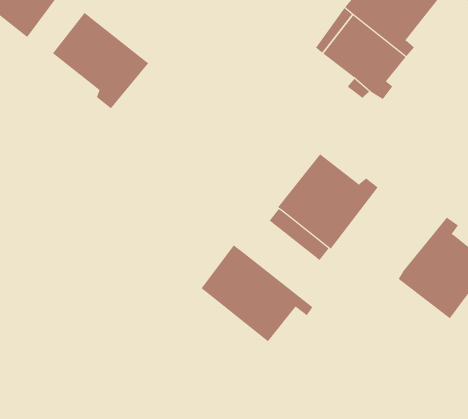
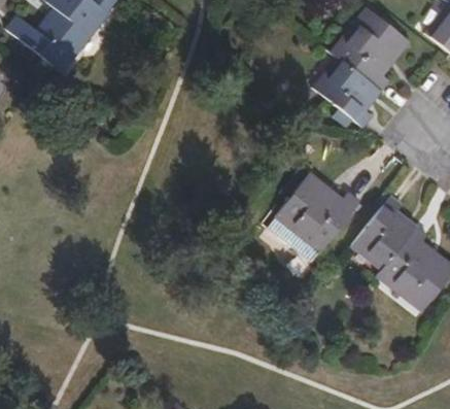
building: [52,12,149,109] -> none
building: none -> [350,195,417,271]
building: [201,244,313,342] -> none

